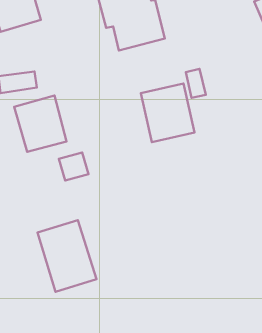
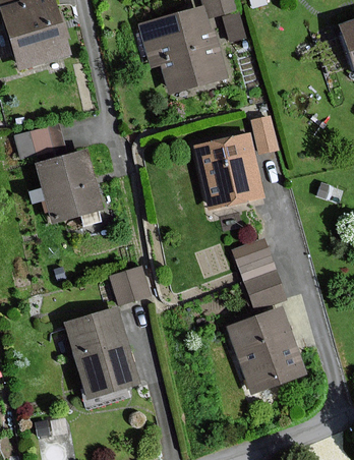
building: [59,152,89,181] -> [112,268,150,303]
building: none -> [234,239,285,308]
building: none -> [227,307,305,392]

